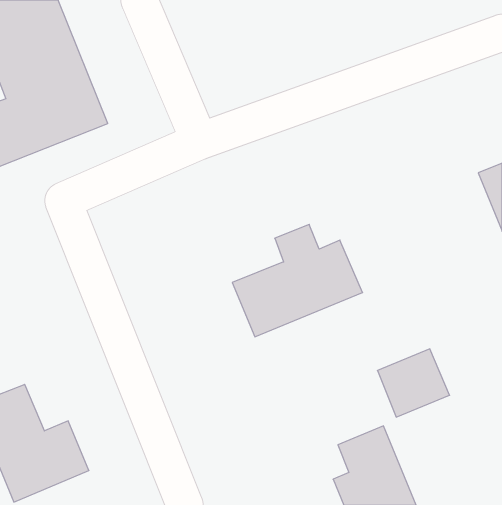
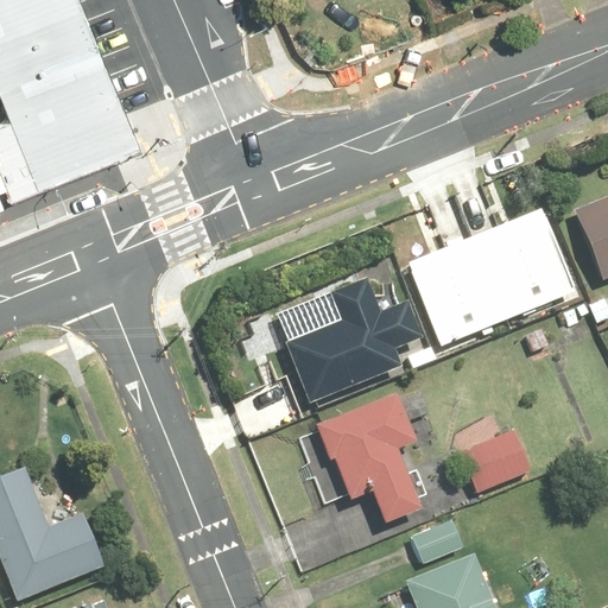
building: none -> [404,210,580,352]
building: none -> [317,392,441,525]

